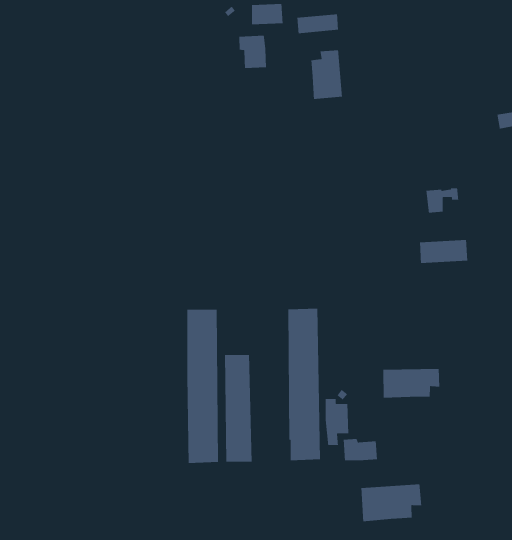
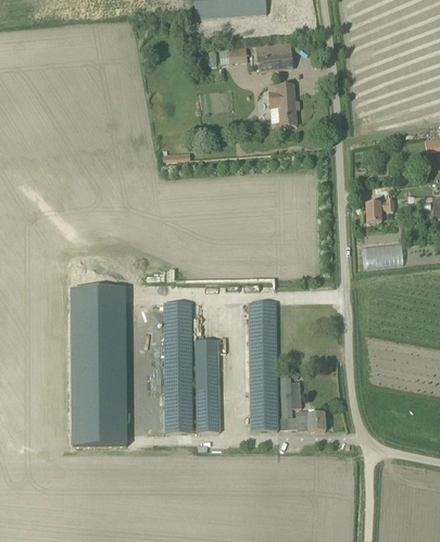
building: [239,35,267,69] -> none
building: none -> [72,287,126,443]
building: [382,368,440,399] -> none
building: [360,483,422,522] -> none

